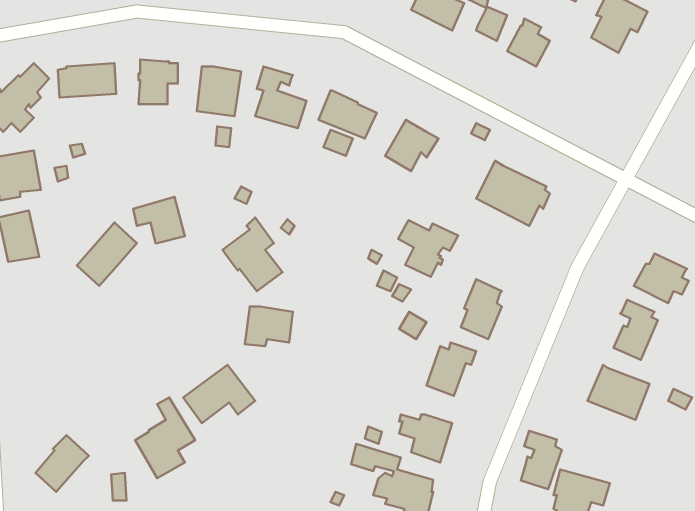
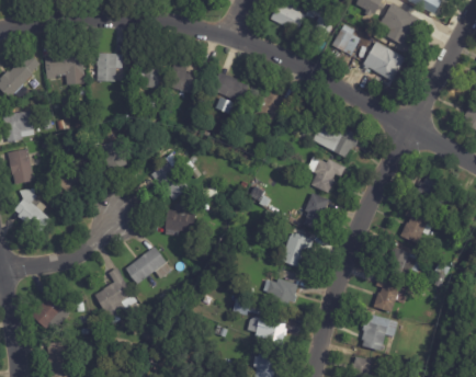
building: none -> [364,44,406,82]
building: [398,220,458,277] -> [307,156,345,192]
building: none -> [13,185,50,233]
building: [521,431,562,489] -> [374,275,400,312]

